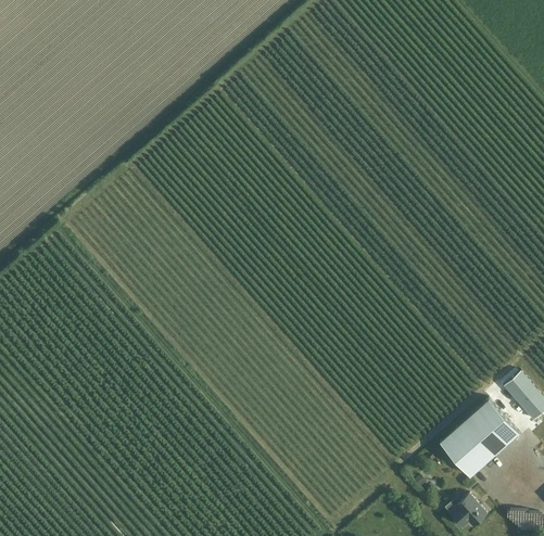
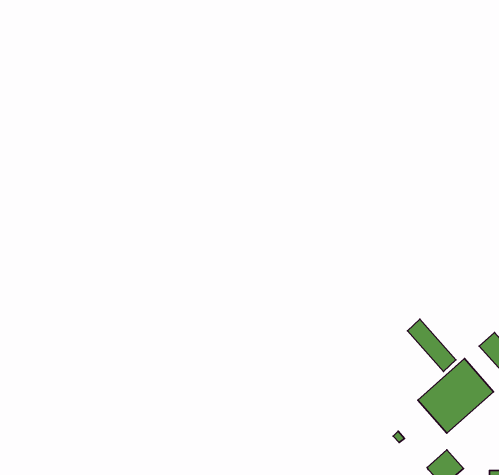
building: none -> [407,319,456,372]

